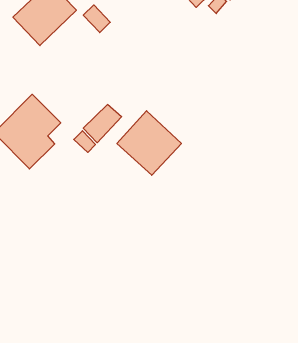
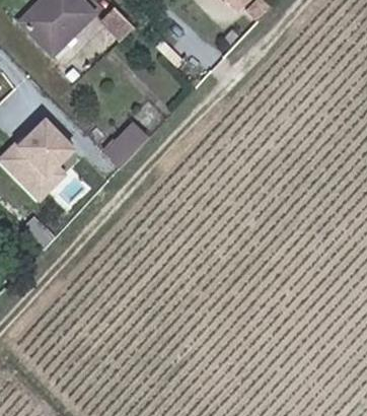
building: [117,111,181,175] -> none

